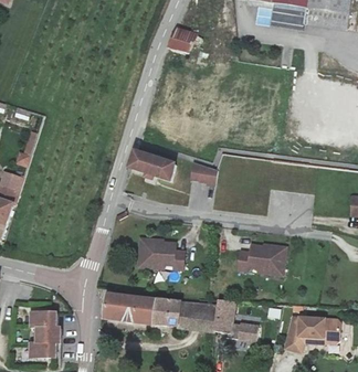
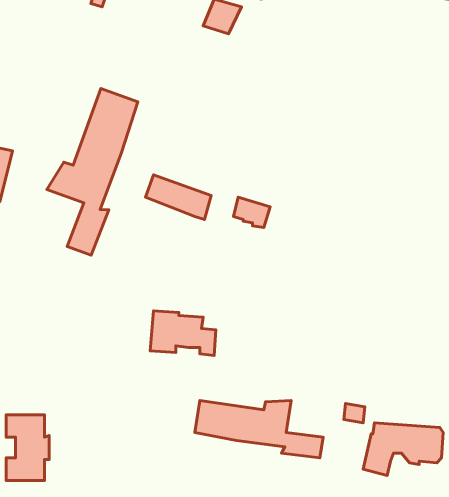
building: none -> [47,88,138,255]
building: [236,247,284,278] -> none
building: [104,290,171,323] -> none

